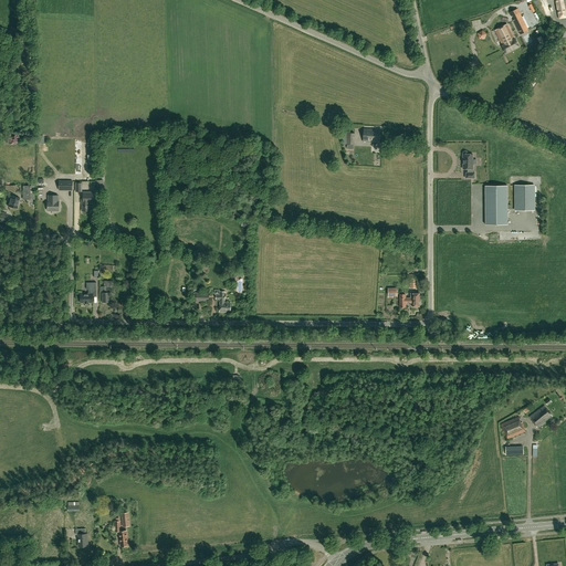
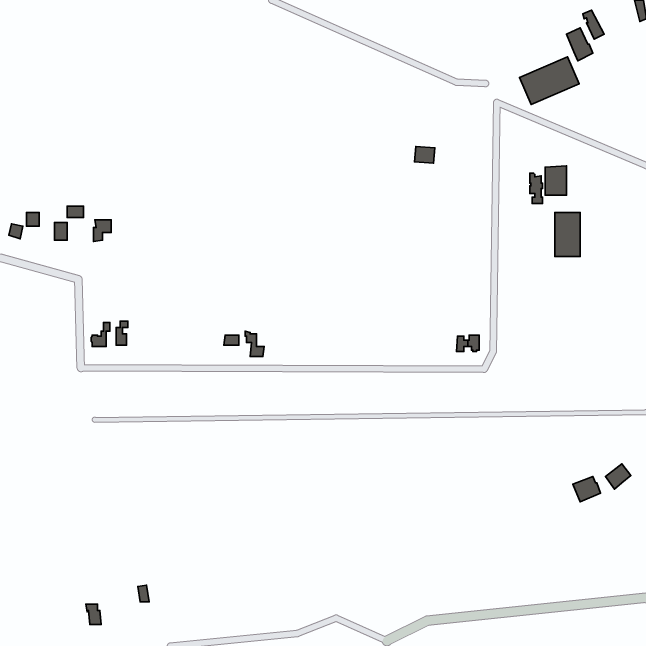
building: none -> [520,57,579,104]
building: [515,185,534,210] -> [545,166,567,195]

